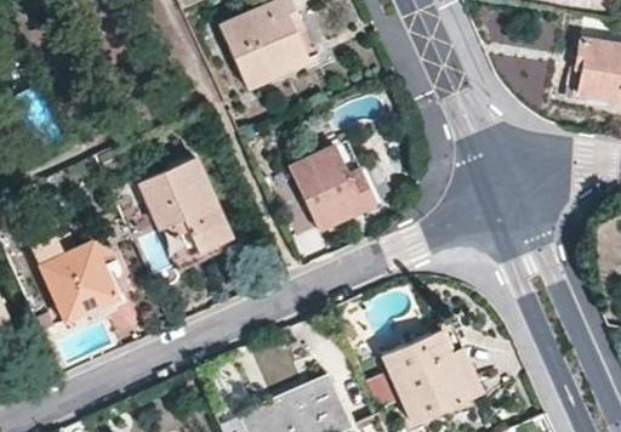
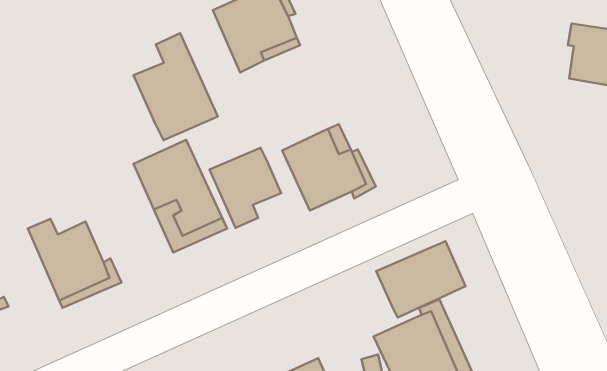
building: none -> [133,33,218,140]
building: none -> [210,148,281,228]
building: none -> [376,241,466,318]

